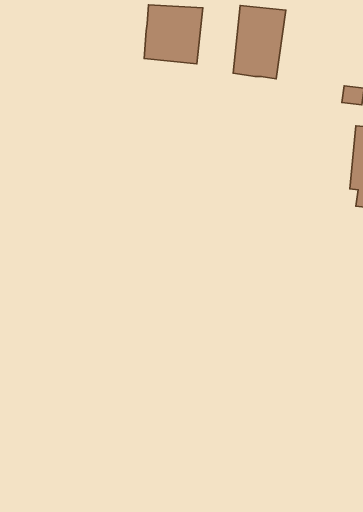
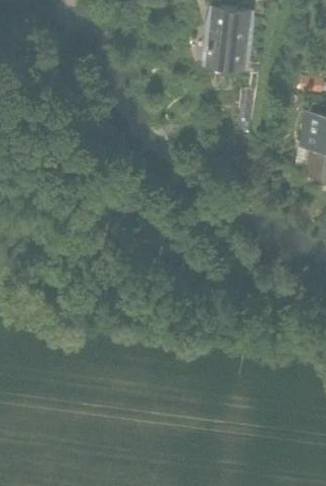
building: [144,5,203,64] -> none

